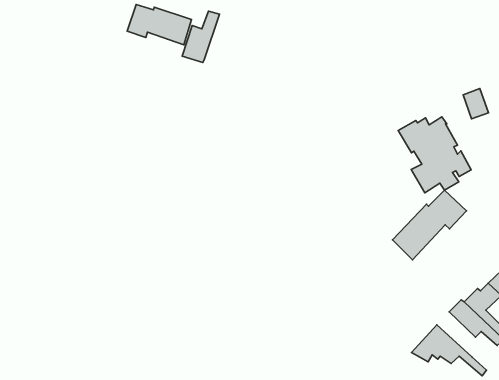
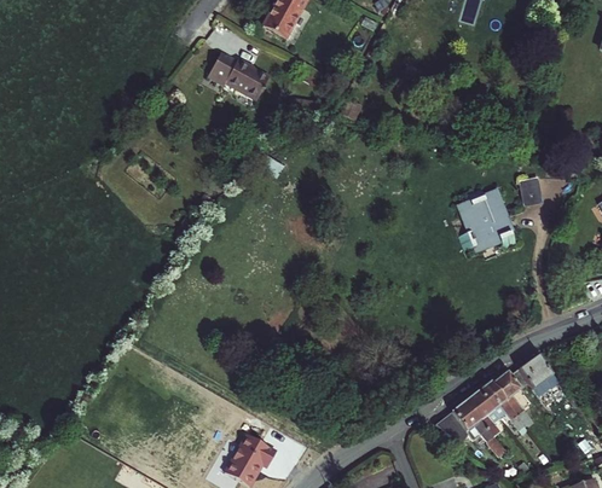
building: [182,11,220,62] -> none
building: [392,190,467,260] -> none
building: none -> [464,385,499,431]

